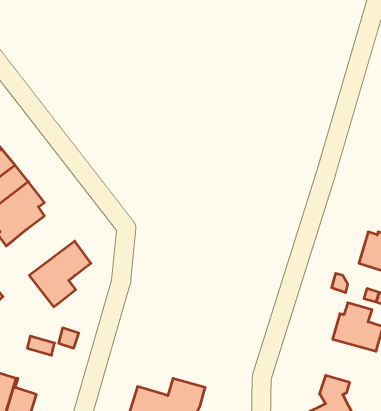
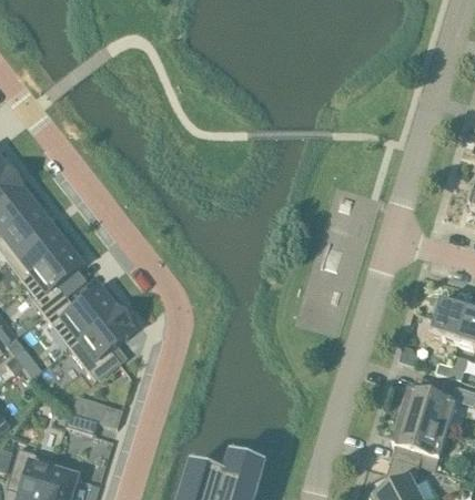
building: none -> [42,284,118,345]
building: none -> [392,415,448,468]

